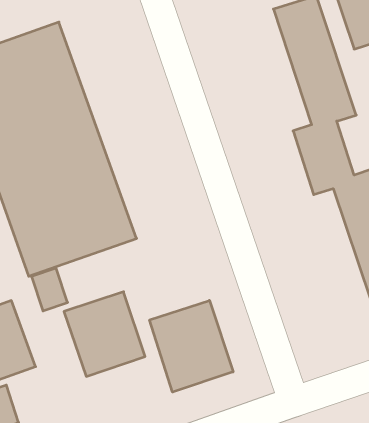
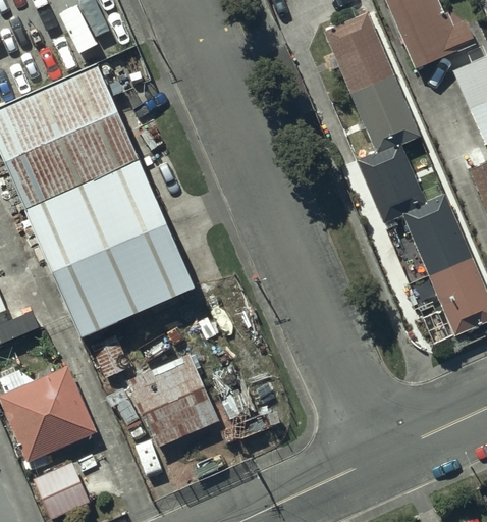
building: [150,300,233,392] -> none

